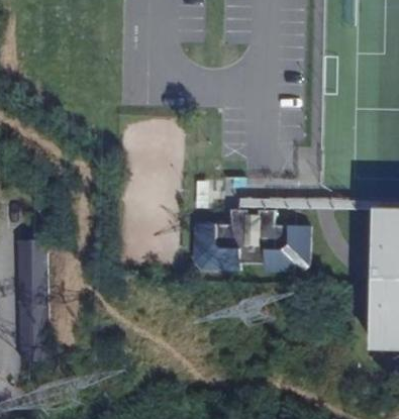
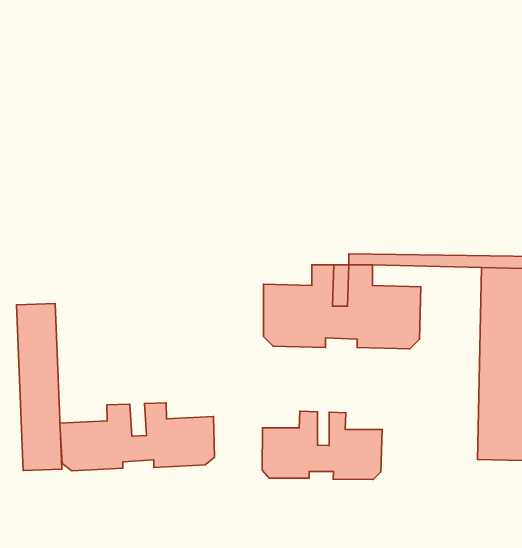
building: none -> [60,403,214,471]
building: none -> [262,411,382,479]

